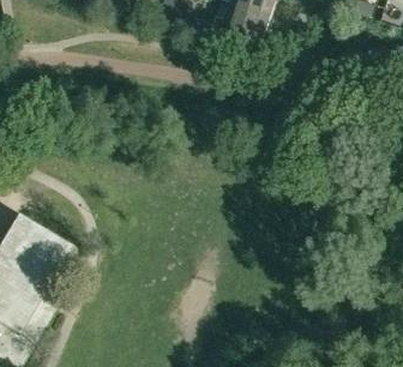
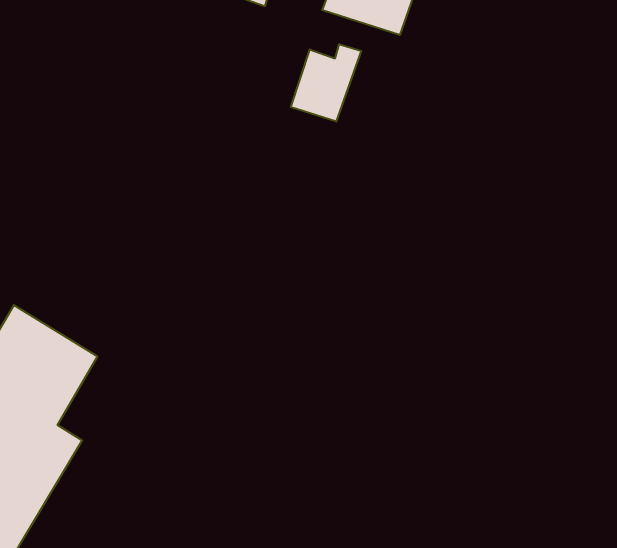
building: none -> [291,44,361,122]

